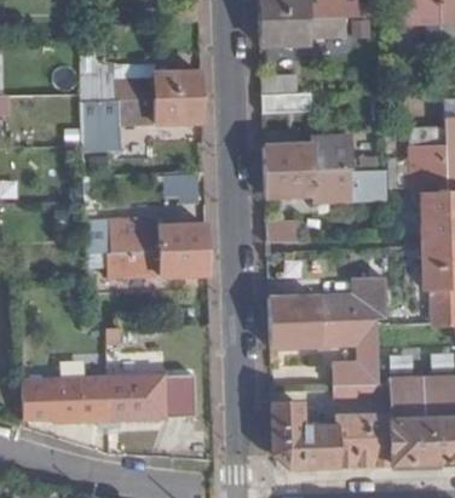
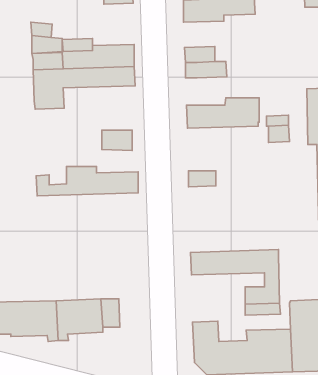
building: [266,170,351,202] -> none
building: [86,250,208,277] -> none
building: [270,277,386,321] -> none

